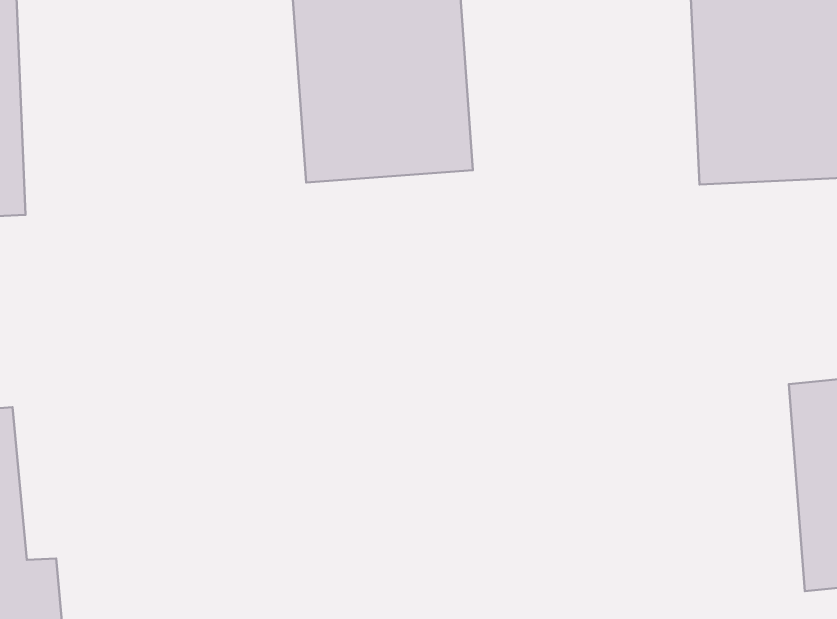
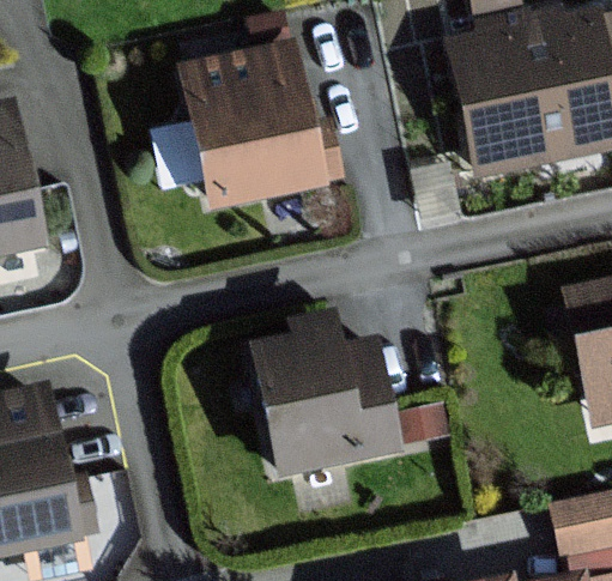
building: none -> [255,325,406,473]

